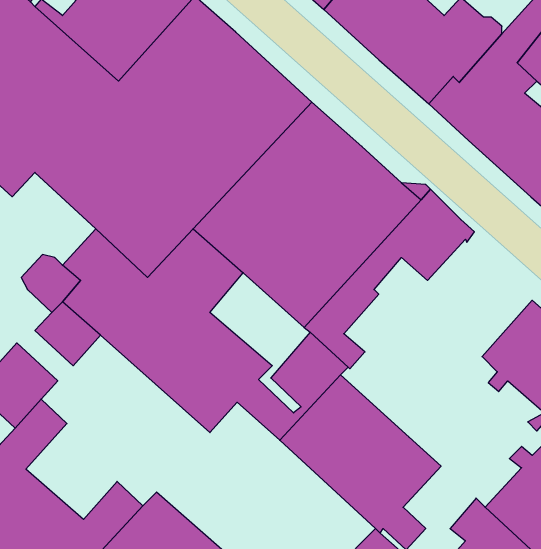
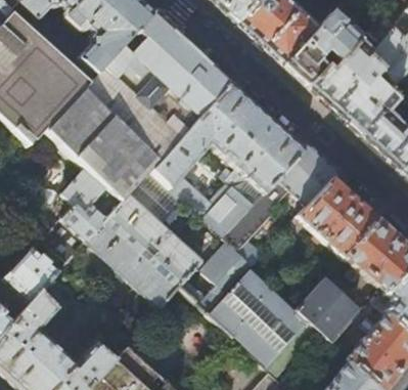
building: none -> [299,177,379,257]
building: none -> [297,277,359,340]

